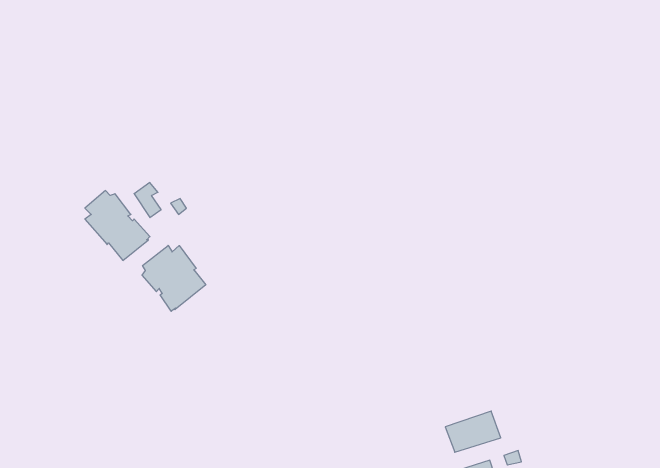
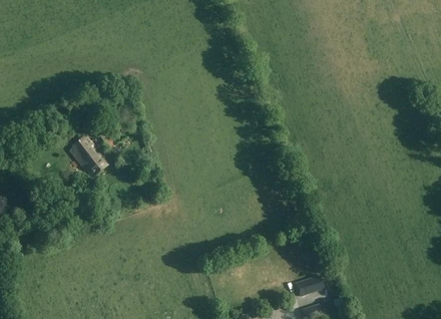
building: [142,245,206,311] -> none

